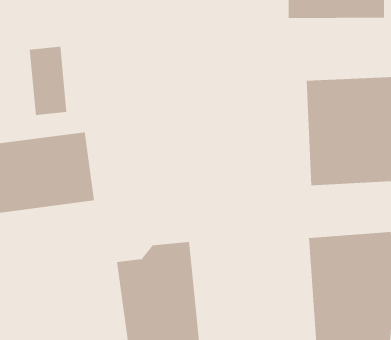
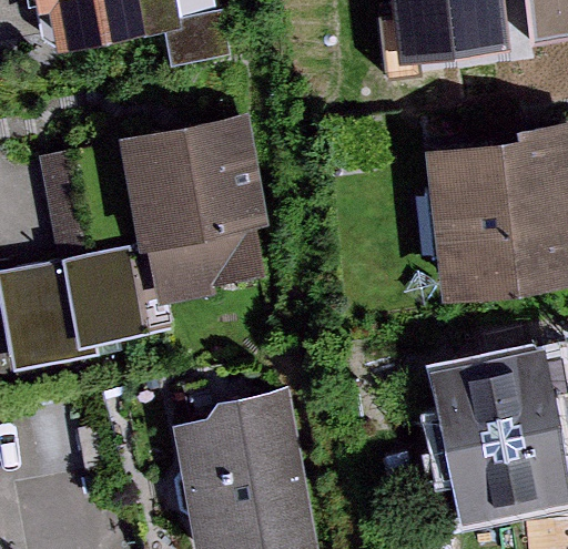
building: none -> [133,122,267,297]

